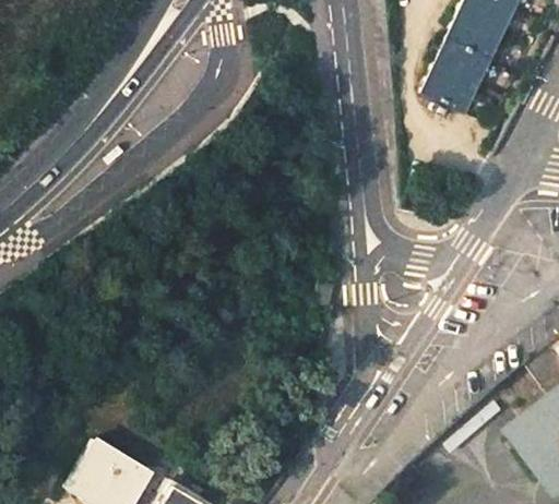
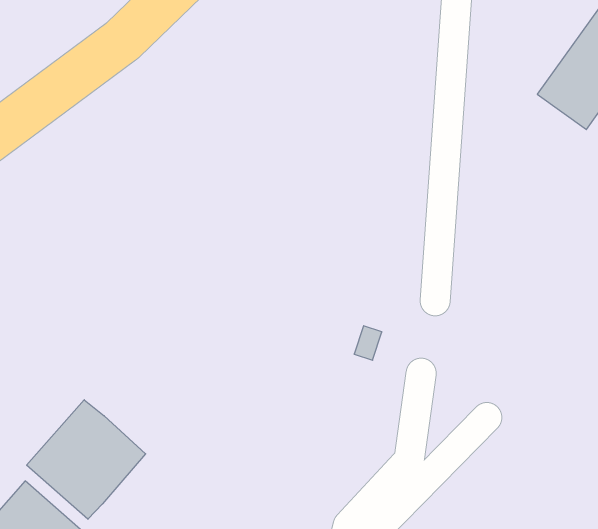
building: none -> [27,400,146,519]

